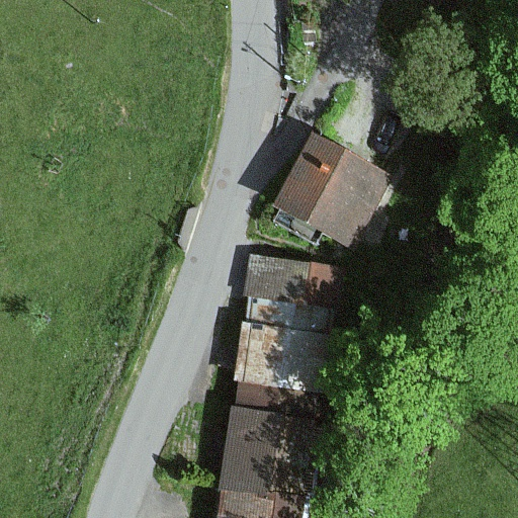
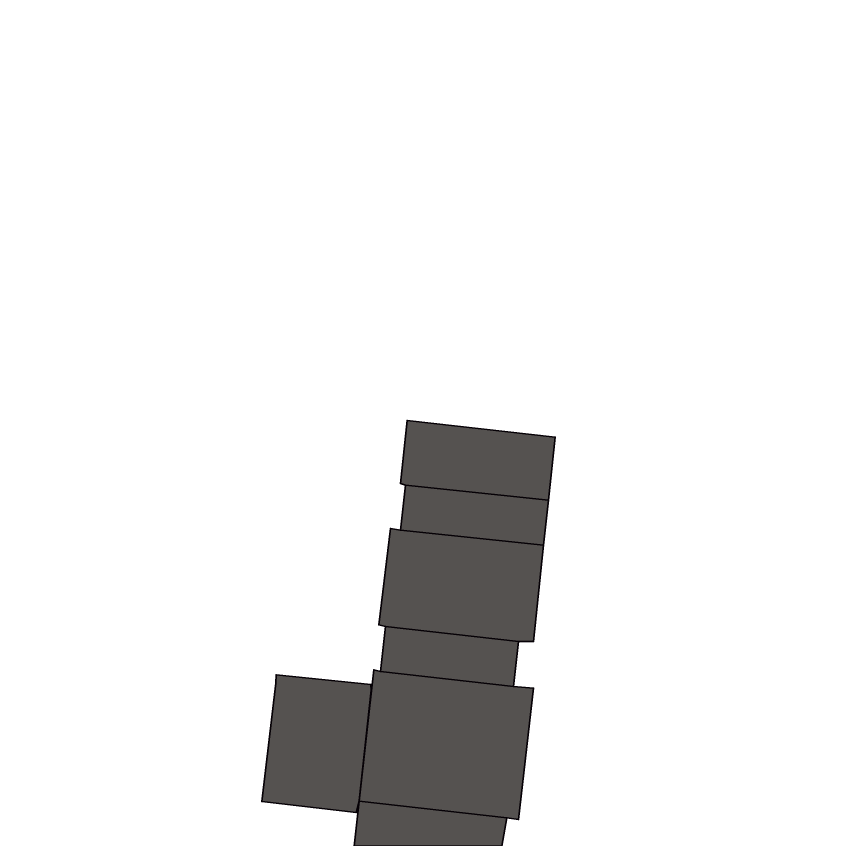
building: [275,136,391,246] -> none
building: none -> [262,675,371,813]

